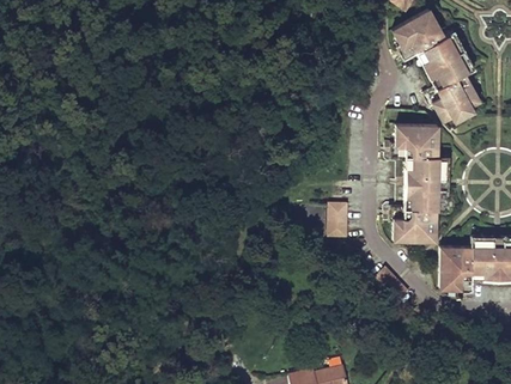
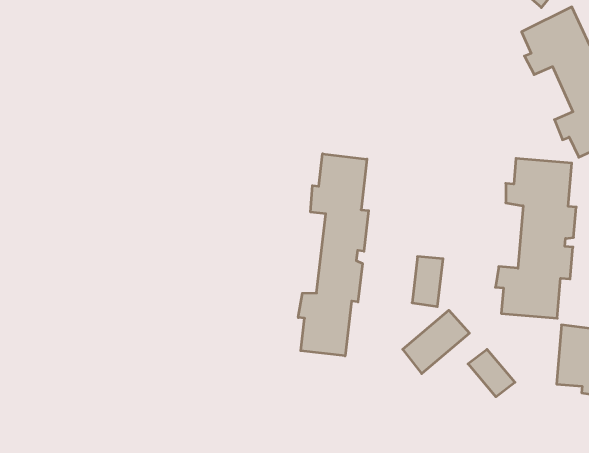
building: none -> [298,154,369,356]
building: none -> [403,310,469,374]

